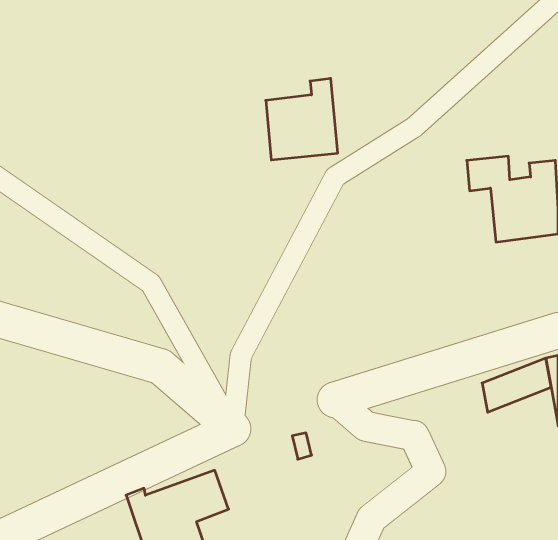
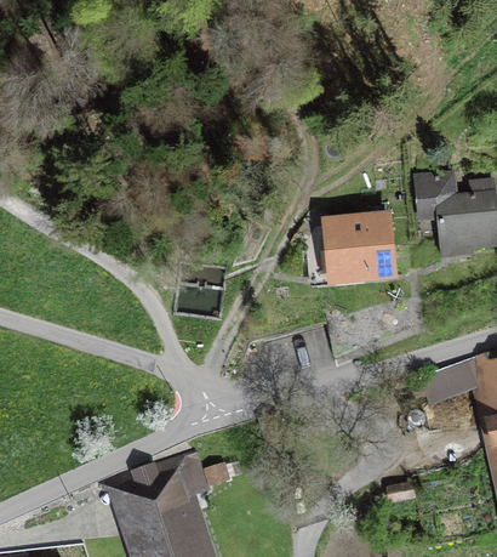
building: [266,78,338,160] -> [326,209,389,280]

